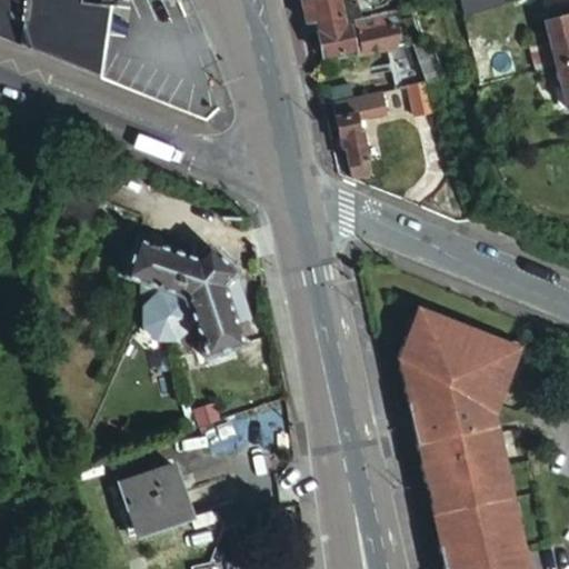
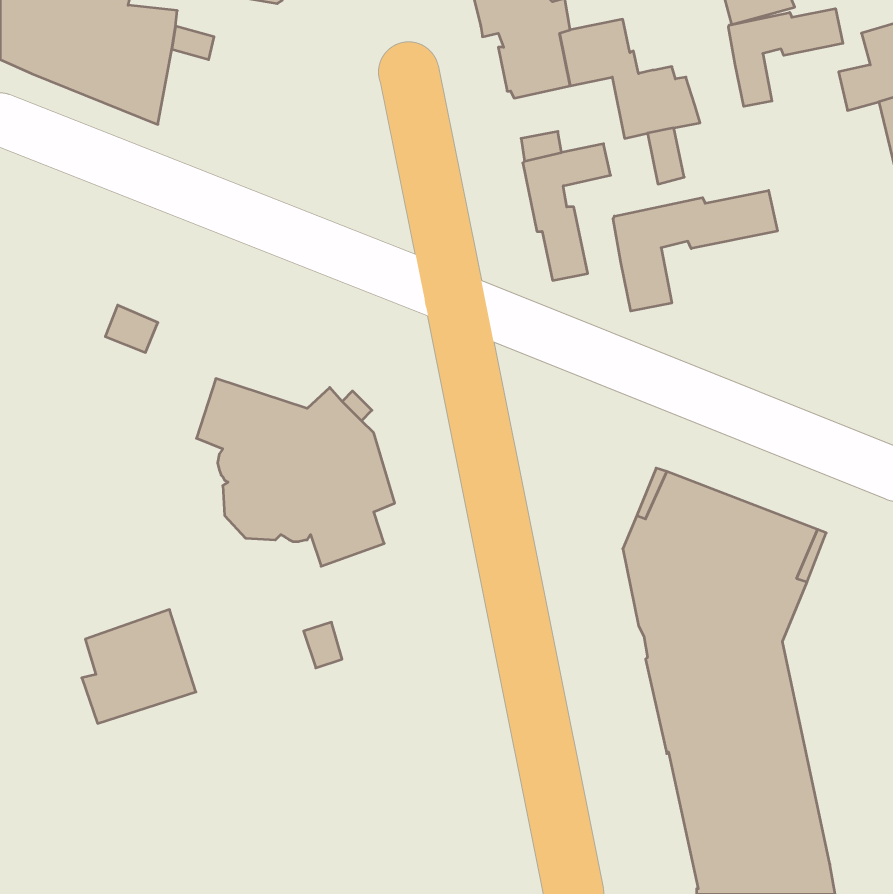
building: none -> [728,9,843,106]
building: none -> [613,190,777,311]
building: [119,466,191,538] -> [82,610,196,723]

